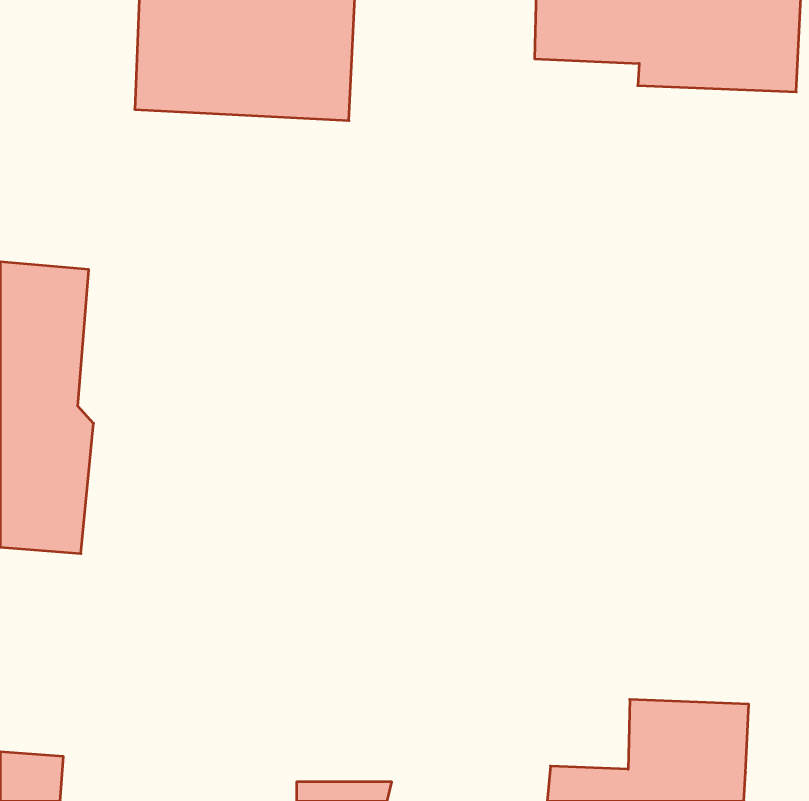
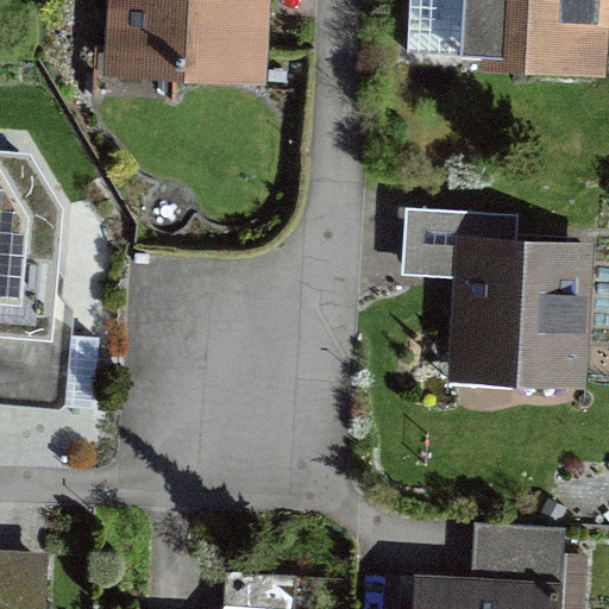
building: none -> [445,241,590,396]

